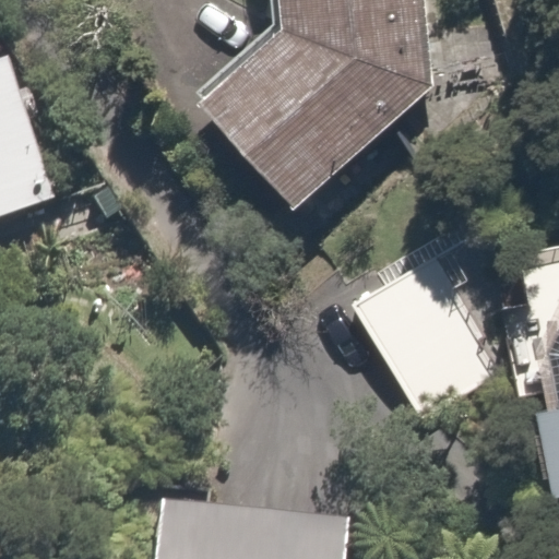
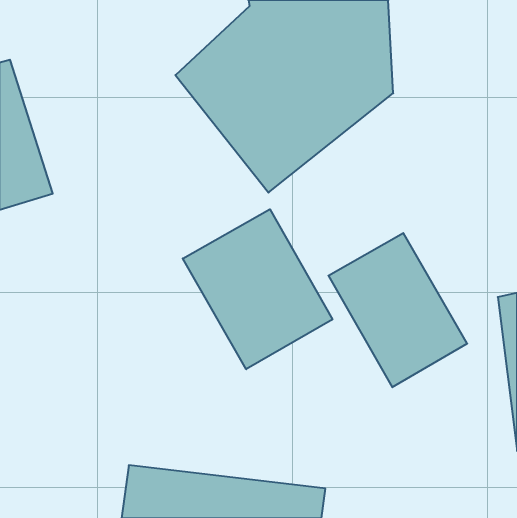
building: none -> [183,209,332,369]

